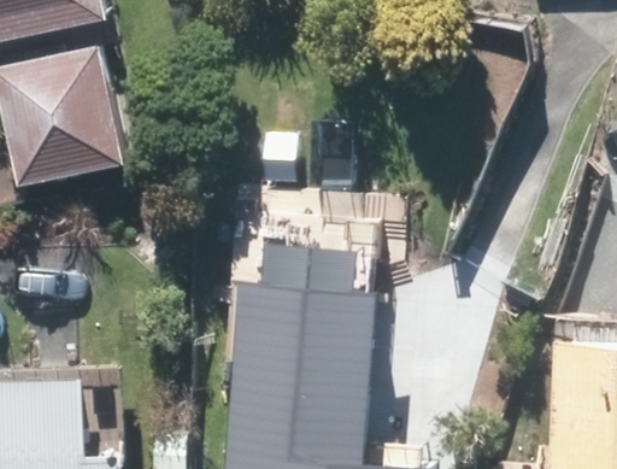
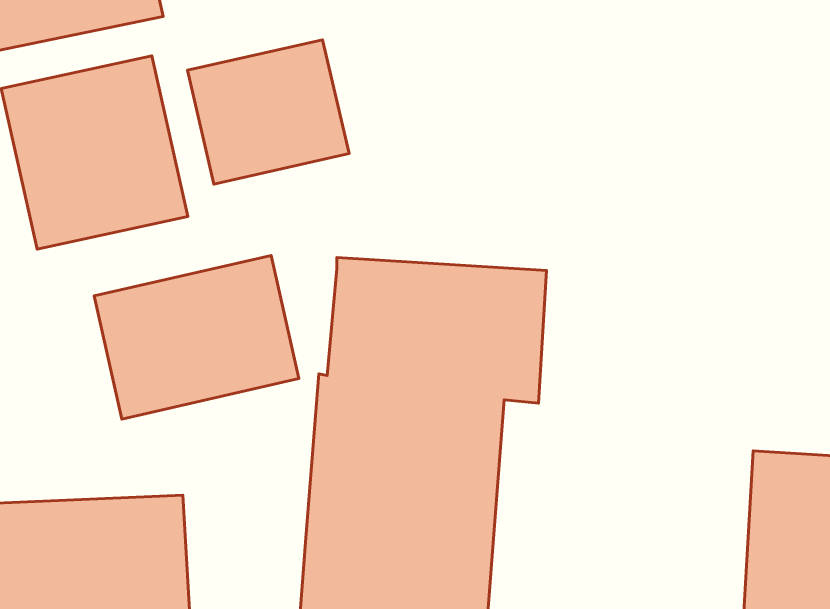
building: none -> [187,40,349,184]
building: none -> [94,255,299,419]

